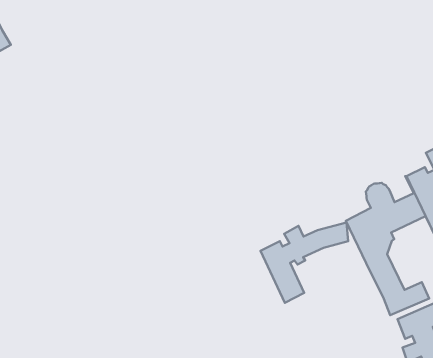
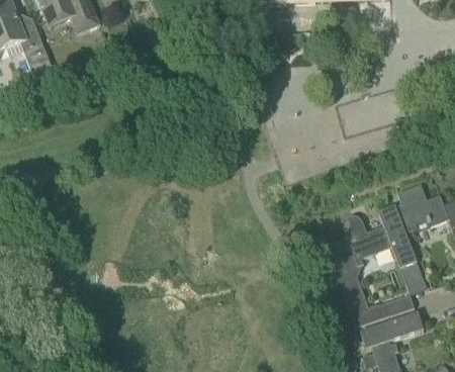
building: [261,222,348,303] -> none

